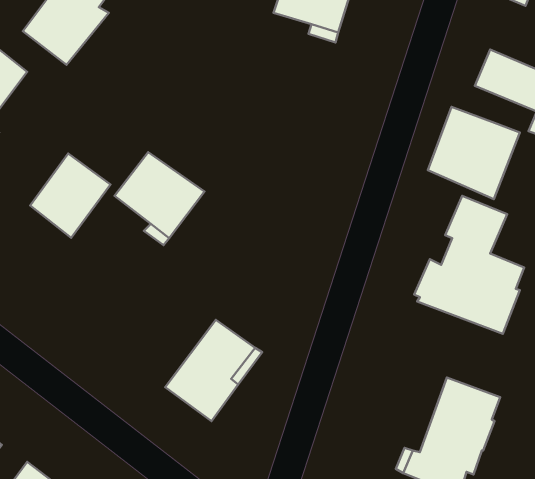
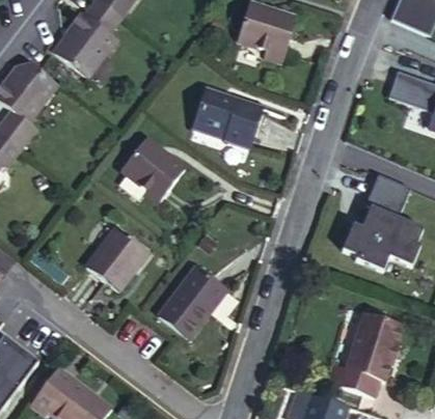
building: none -> [193,91,264,152]
building: [428,107,520,199] -> none
building: [30,153,110,238] -> [87,227,146,289]

